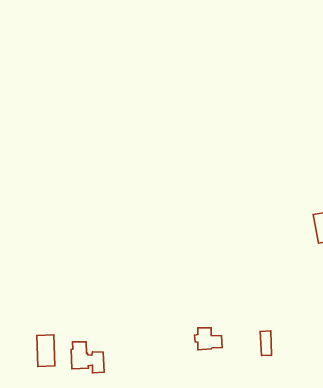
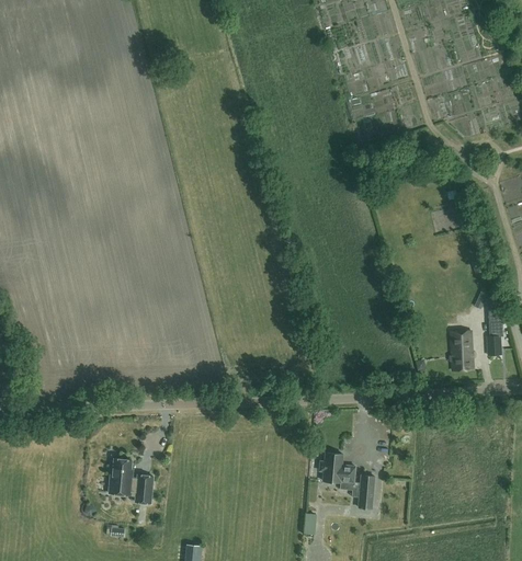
building: [194,328,222,350] -> [320,453,355,482]
building: [37,335,55,367] -> none

